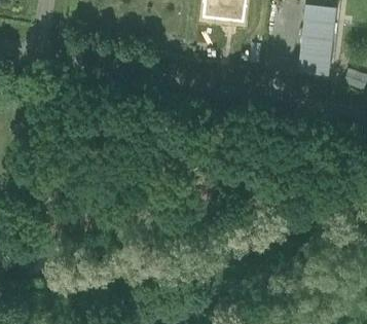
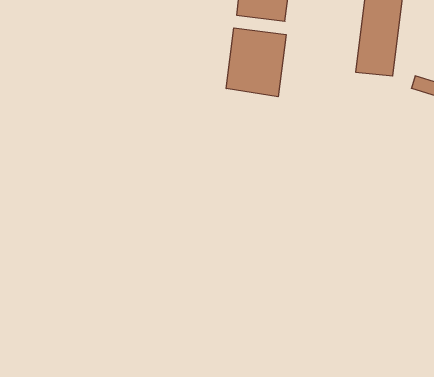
building: none -> [226,28,286,97]

